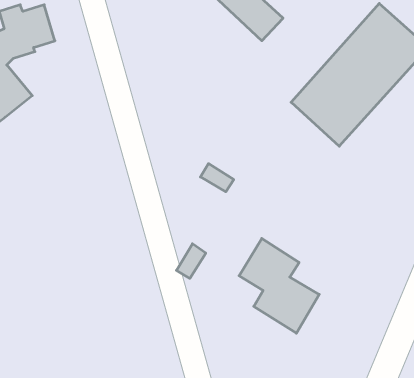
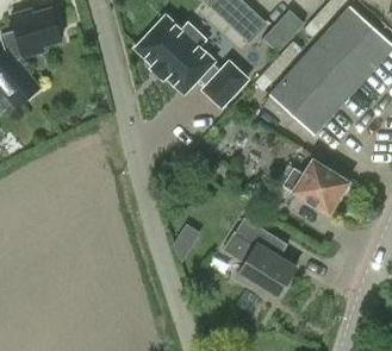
building: none -> [262,12,303,54]
building: none -> [135,17,247,107]
building: none -> [282,158,349,213]

